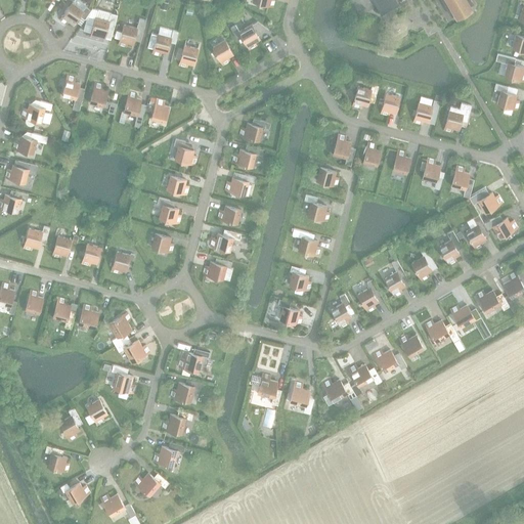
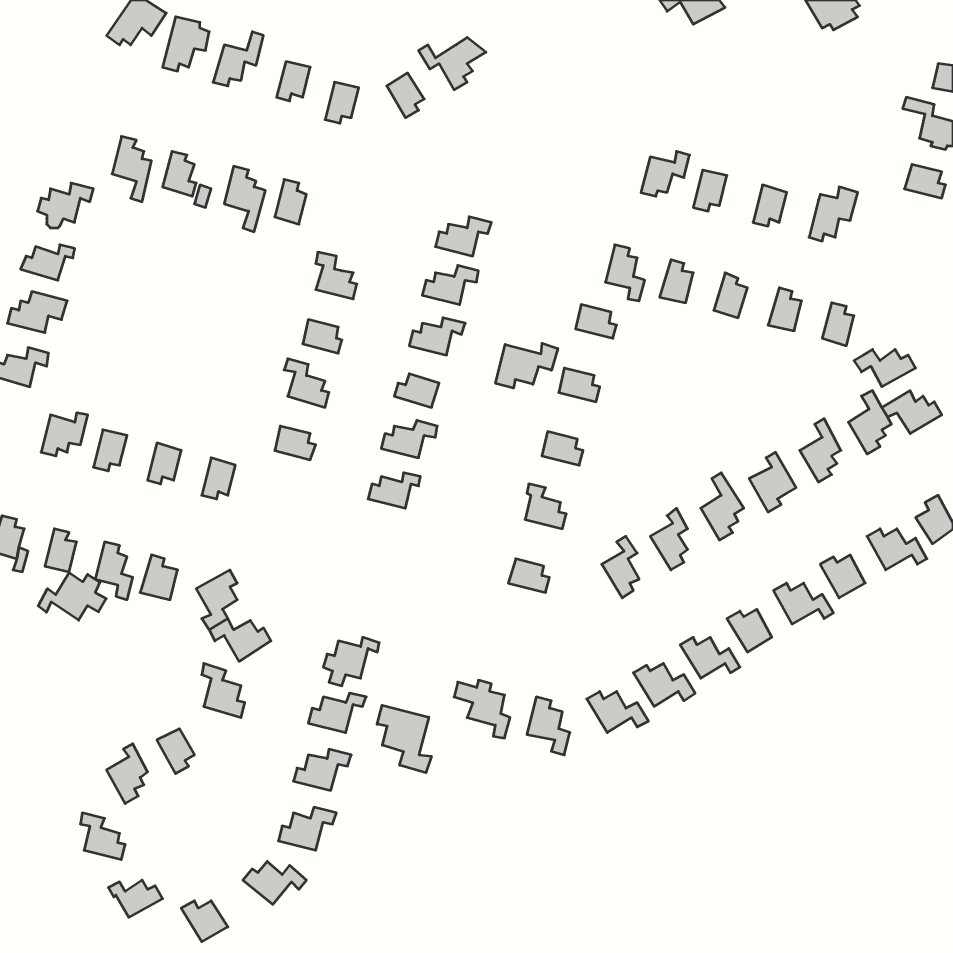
building: none -> [496,343,558,388]
building: none -> [38,573,106,620]
building: none -> [377,705,431,773]

